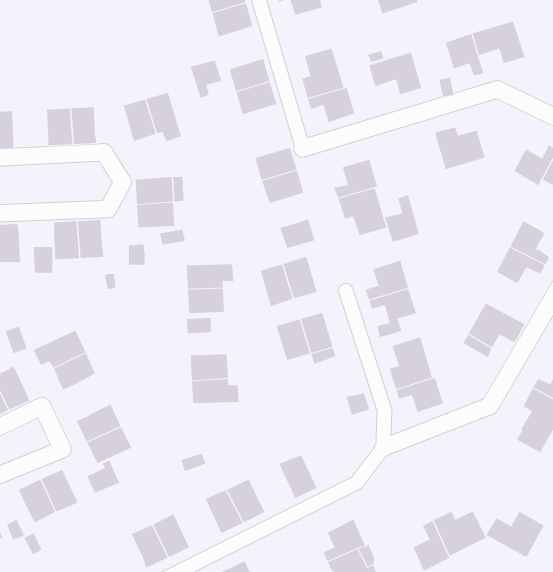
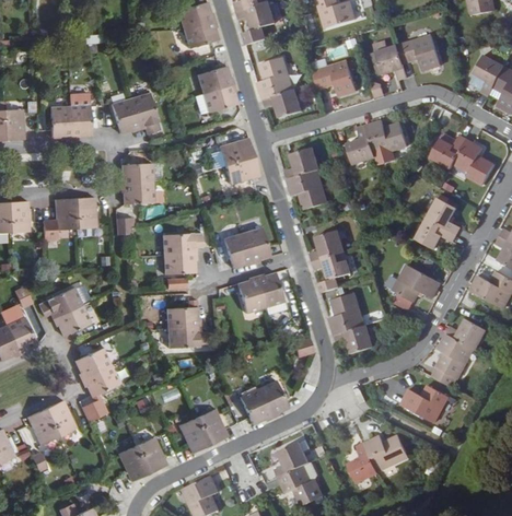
building: [190,60,222,99] -> none
building: [384,194,419,243] -> [346,126,374,165]
building: [280,219,315,249] -> none
building: none -> [257,379,288,415]
building: [485,511,544,558] -> [400,384,449,422]

